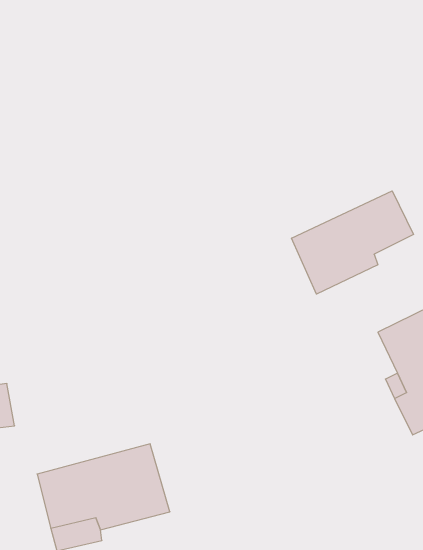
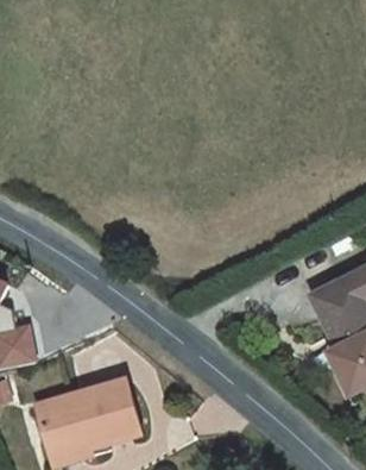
building: [292,191,413,294] -> none

